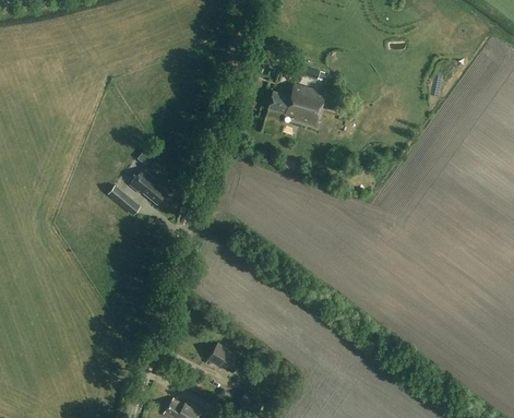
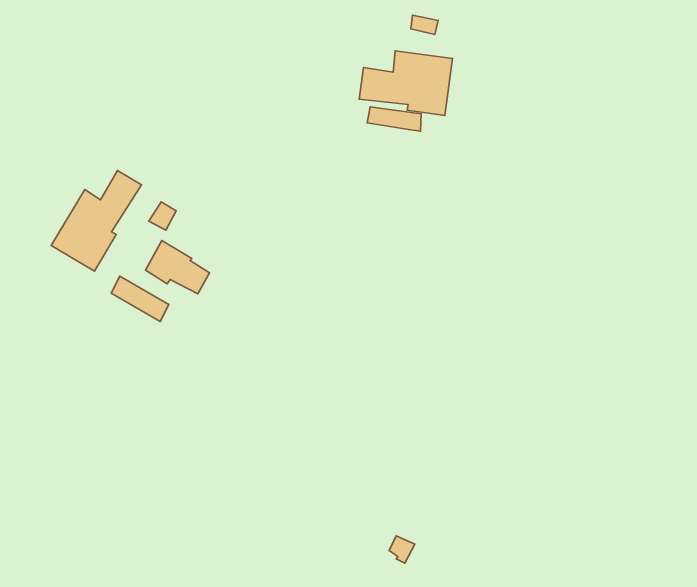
building: none -> [51,171,141,271]
building: [208,342,240,371] -> none

